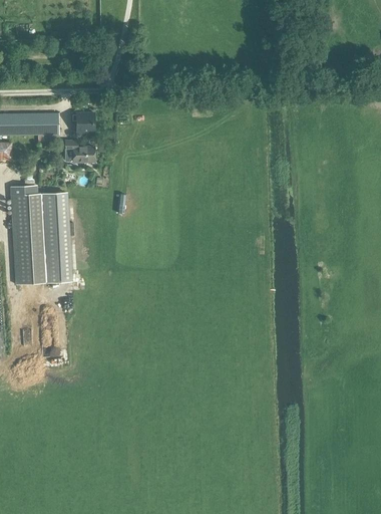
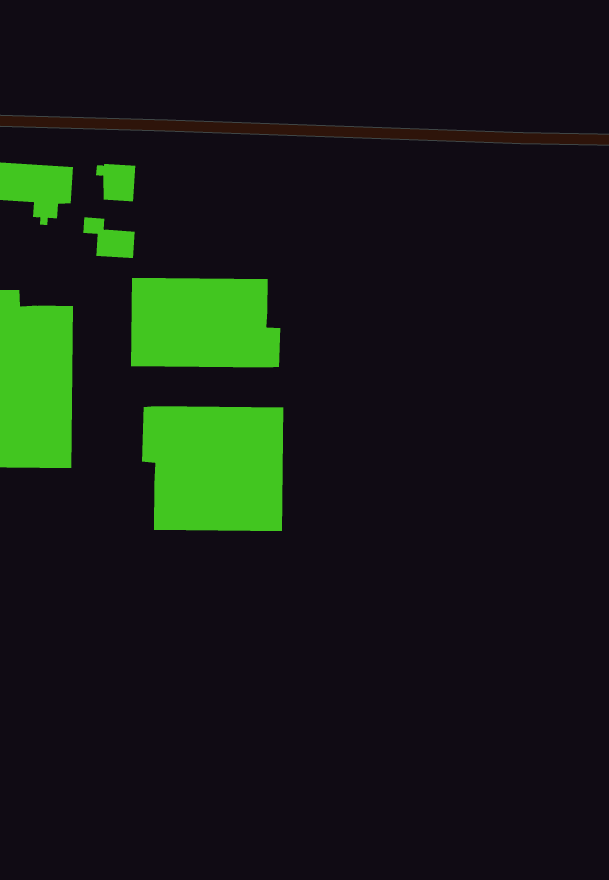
building: none -> [131,277,281,368]
building: none -> [142,406,284,532]

